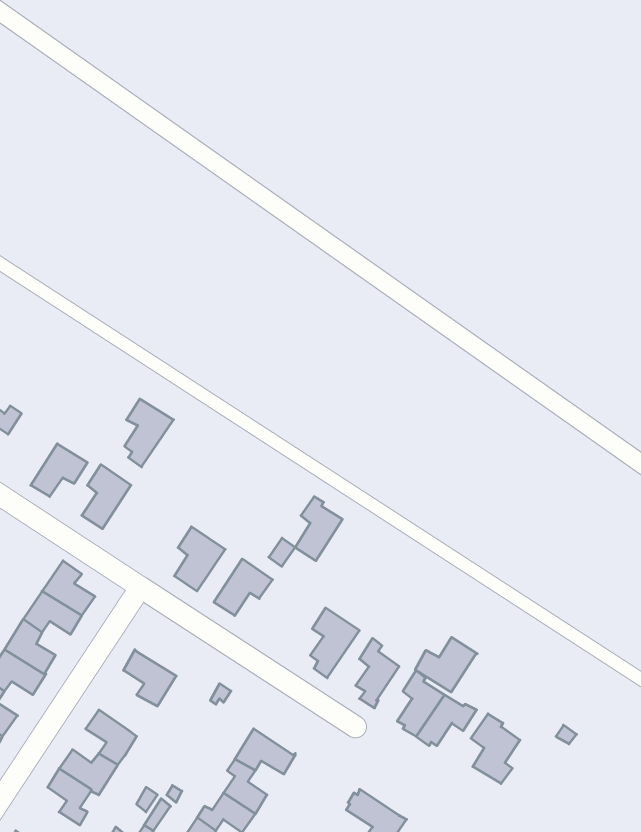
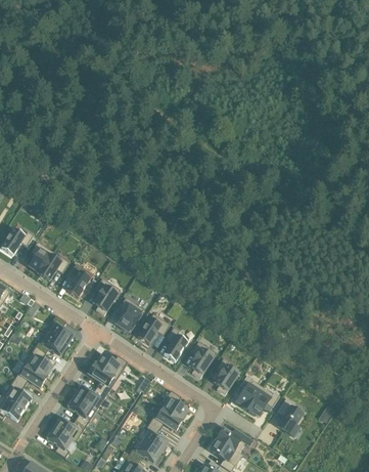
building: [125,399,174,467] -> [93,278,120,315]
building: none -> [29,242,52,274]
building: [295,497,342,561] -> [163,328,188,362]
building: none -> [95,354,127,378]
building: [415,637,477,692] -> none
building: none -> [75,386,106,411]
building: none -> [158,390,187,421]
building: none -> [216,429,251,454]

